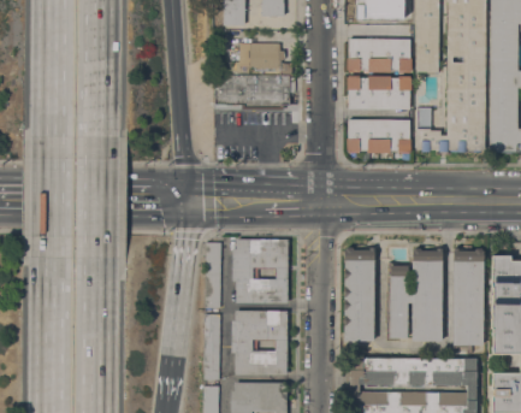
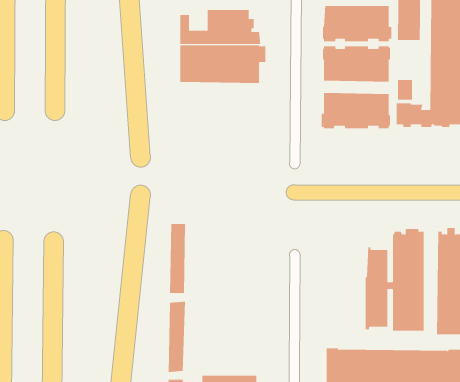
building: [232,238,288,302] -> none
building: [343,247,374,341] -> none
building: [231,311,286,374] -> none

